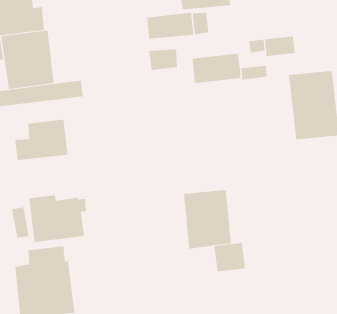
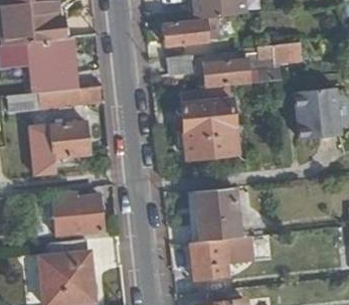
building: none -> [182,100,240,160]
building: none -> [190,239,228,281]

